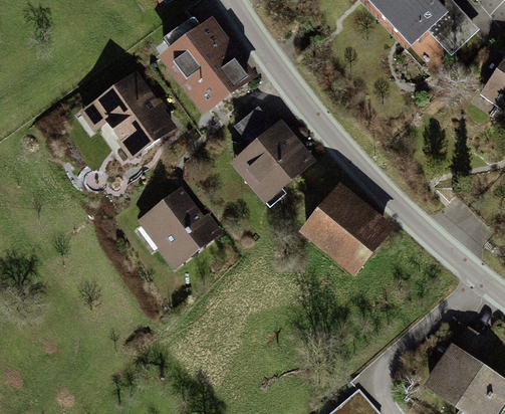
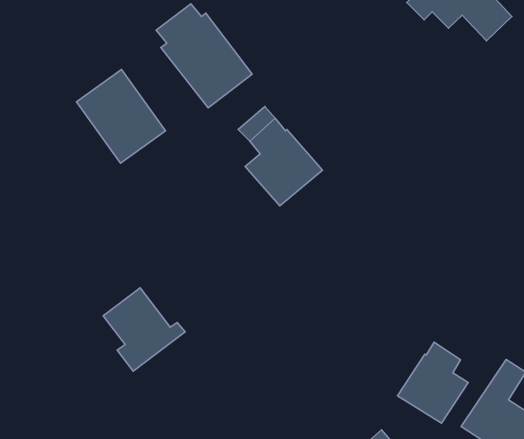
building: [149,191,220,263] -> [103,288,185,371]
building: [306,195,384,270] -> none
building: none -> [398,342,468,423]

